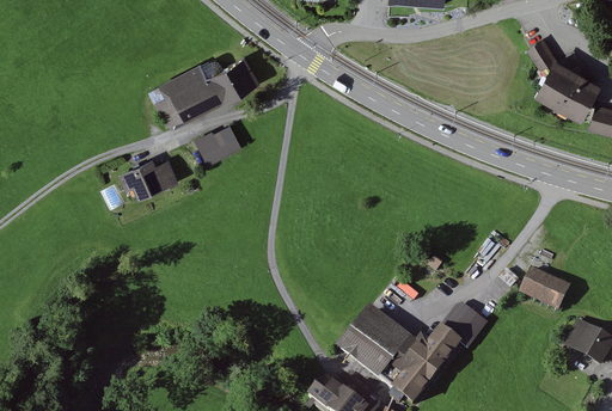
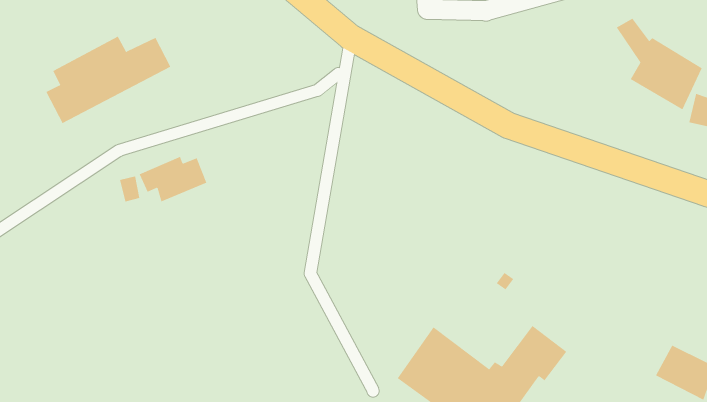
building: [153,57,261,133] -> [45,36,171,124]
building: [194,129,237,166] -> none
building: [515,265,568,309] -> none

